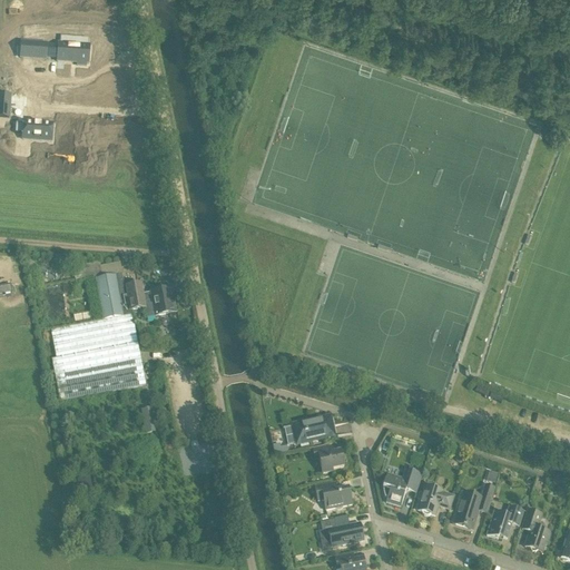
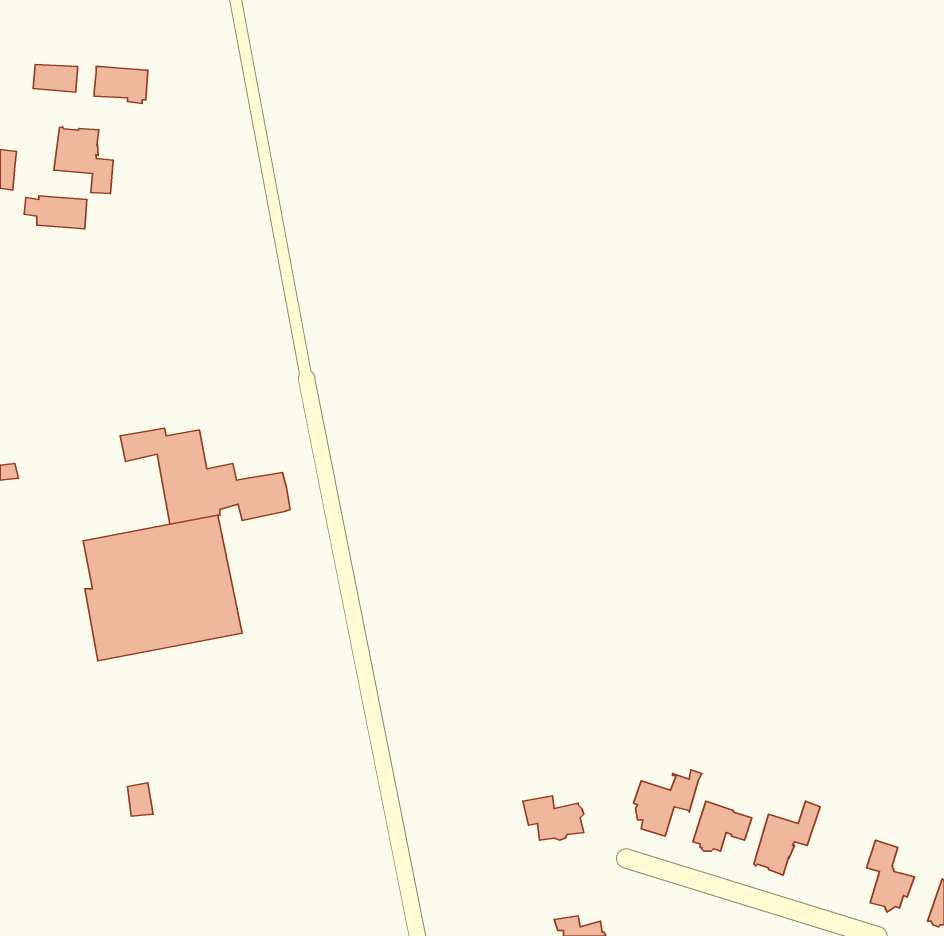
building: none -> [54,127,113,194]
building: [283,414,333,442] -> none
building: [313,443,343,470] -> none
building: [487,503,523,537] -> none
building: [320,517,363,547] -> none

